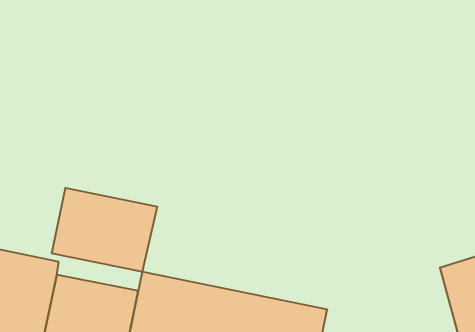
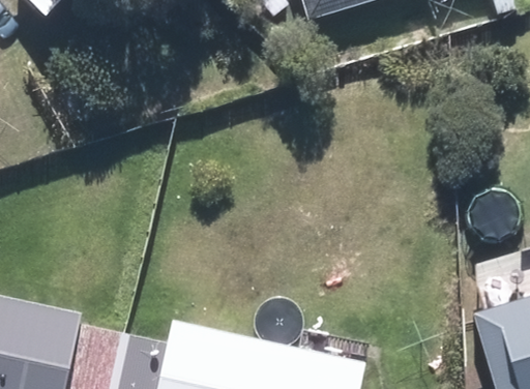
building: [52,188,157,272] -> none

